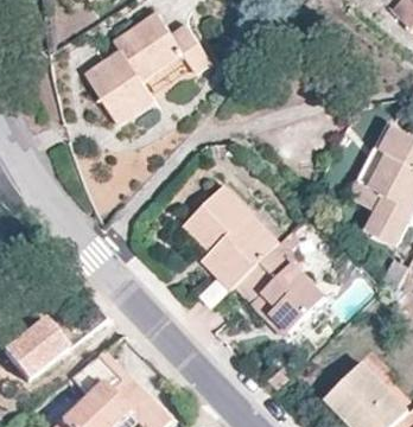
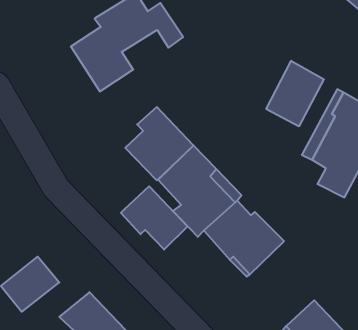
building: none -> [266,61,324,126]
building: none -> [125,107,193,180]
building: none -> [121,186,188,250]

